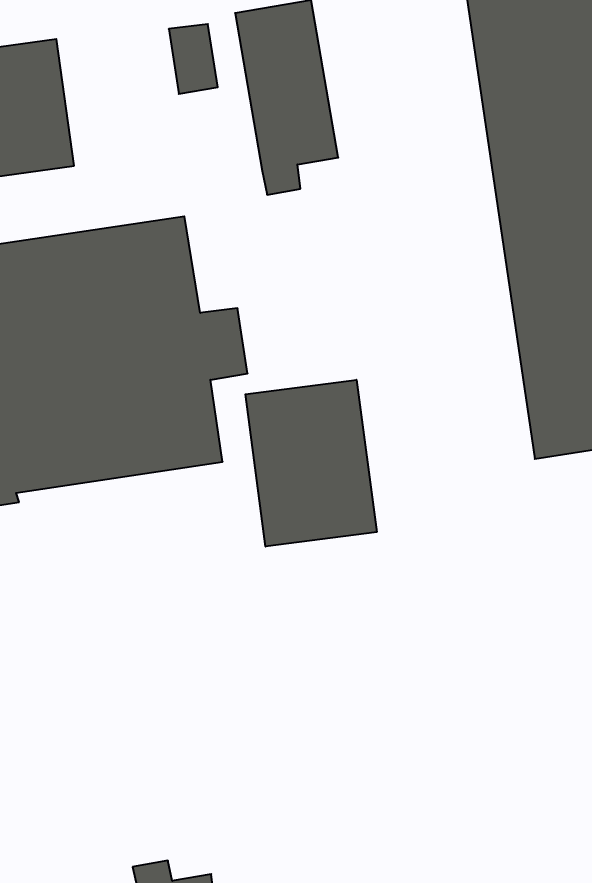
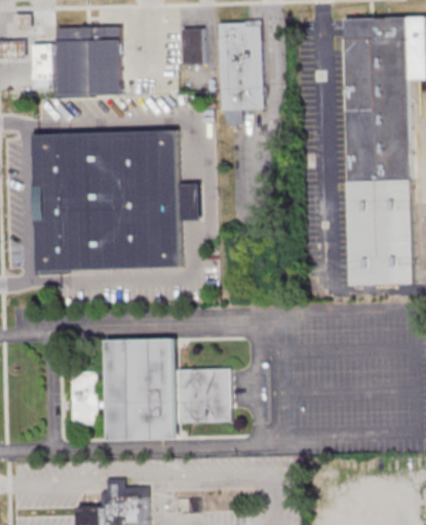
building: [245,380,377,547] -> none
building: none -> [70,338,231,440]

